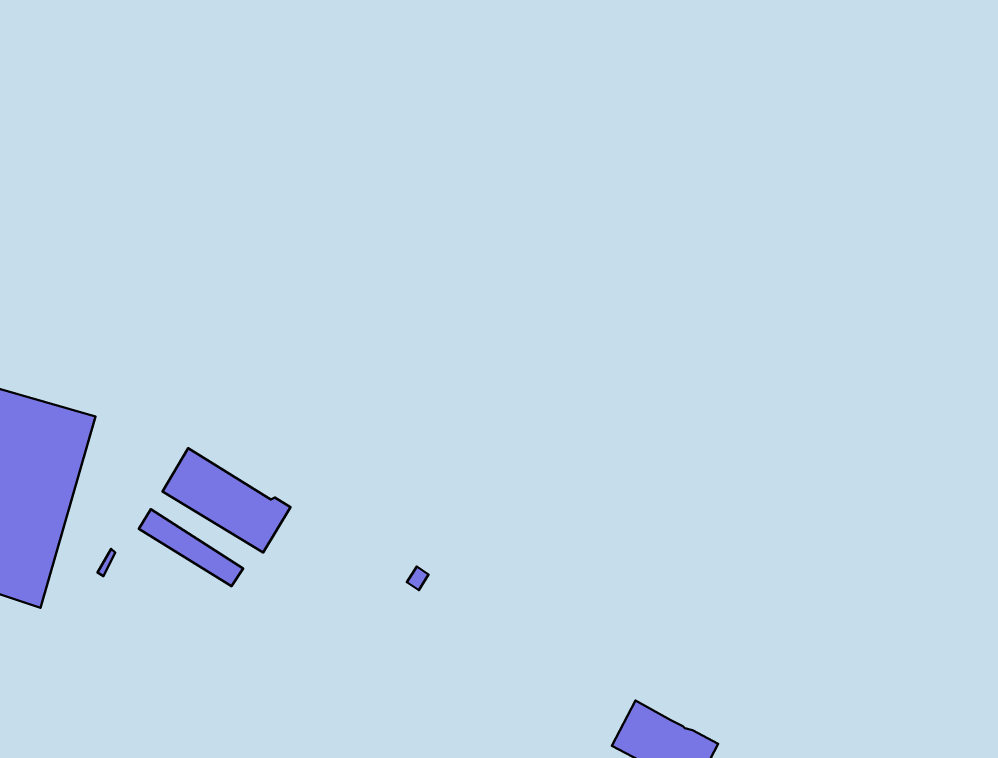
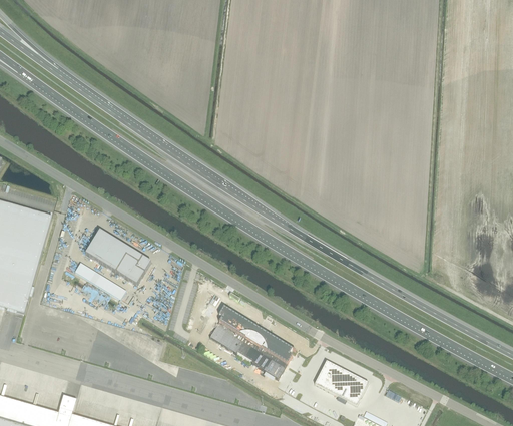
building: none -> [209,307,296,379]

